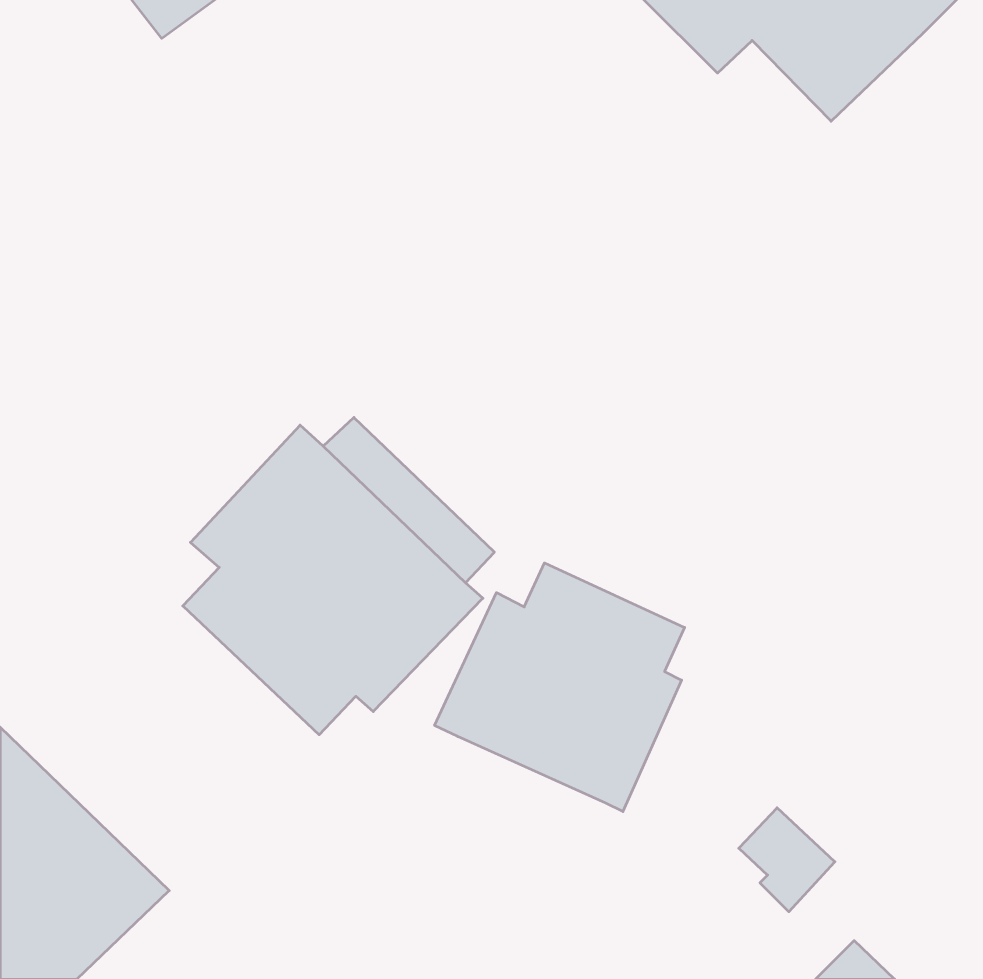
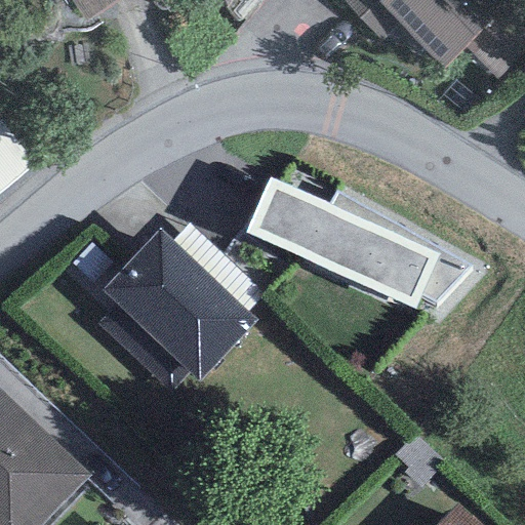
building: none -> [245,176,469,308]
building: [435,563,685,812] -> none

